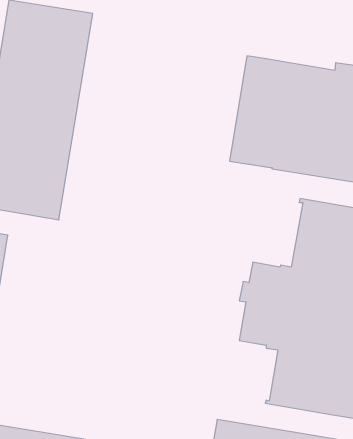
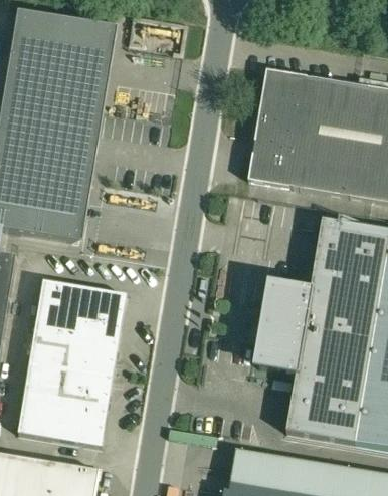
building: none -> [17,279,123,446]

